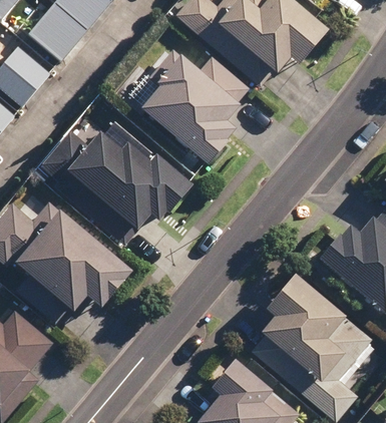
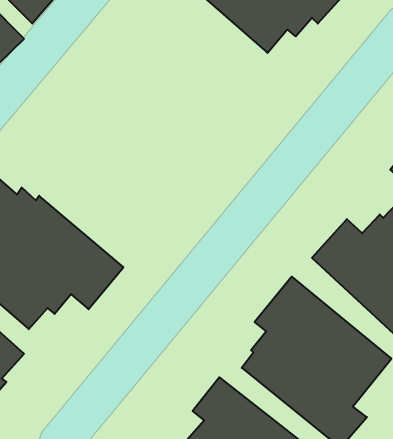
building: [132,47,248,162] -> none
building: [41,120,196,247] -> none

